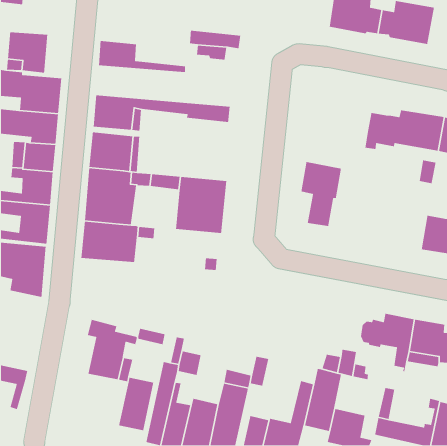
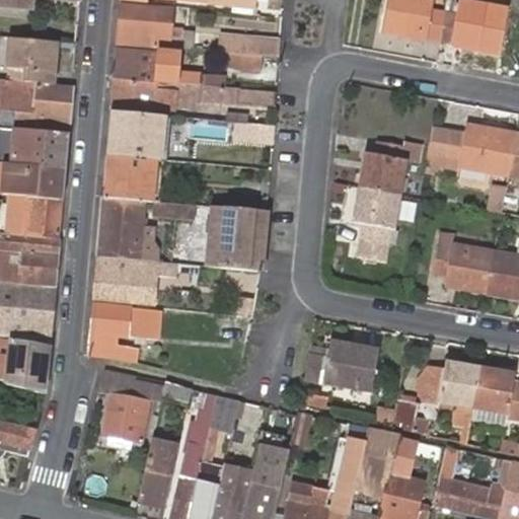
building: none -> [118,6,198,49]
building: none -> [112,76,275,112]
building: none -> [355,139,420,195]
building: none -> [433,230,495,289]
building: none -> [89,305,160,361]
building: none -> [5,337,50,392]
building: none -> [320,341,380,393]

